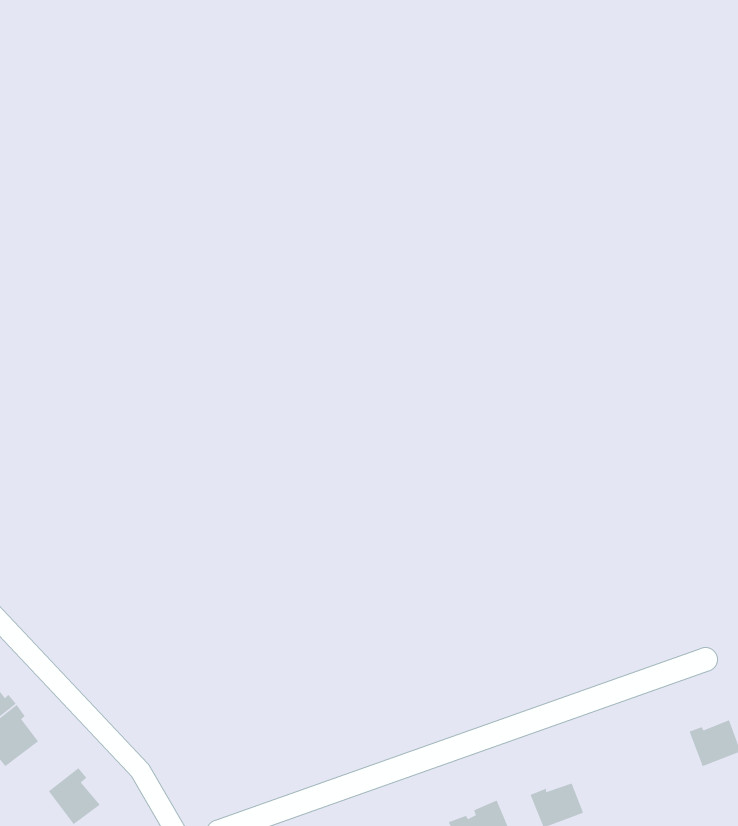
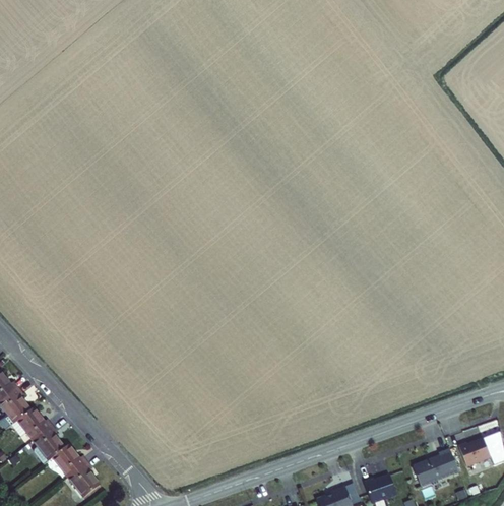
building: none -> [58,449,93,482]
building: none -> [411,450,456,487]

